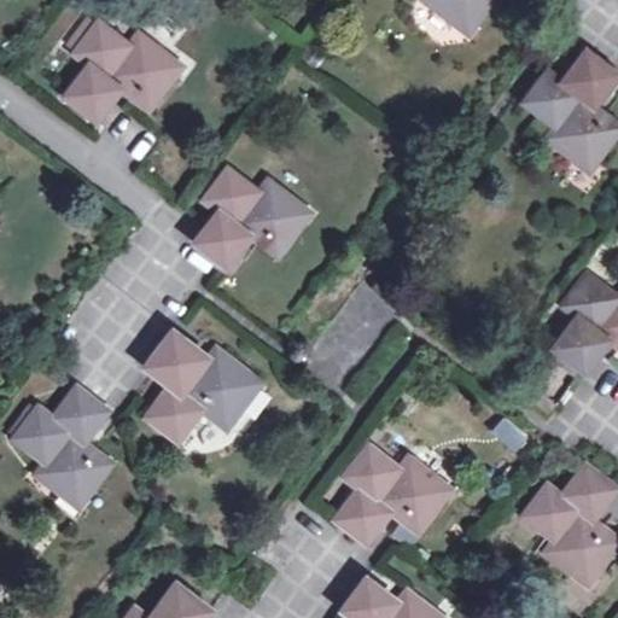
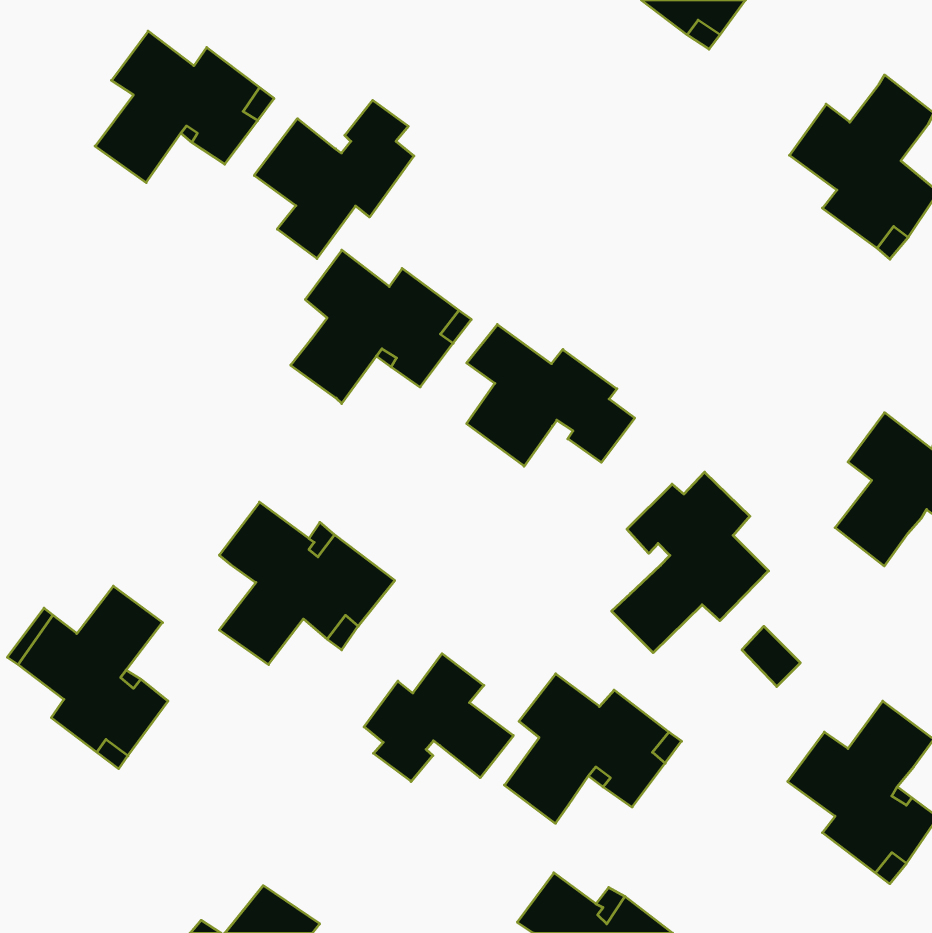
building: none -> [254,100,414,259]
building: none -> [467,324,635,466]
building: none -> [612,472,769,653]
building: none -> [364,654,513,782]

